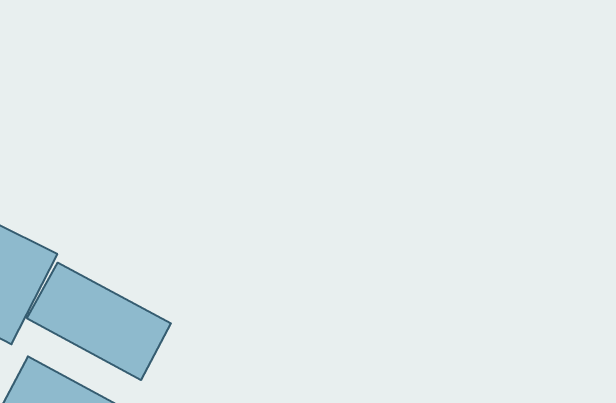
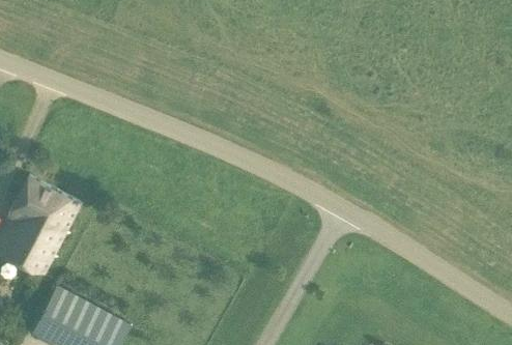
building: [27,263,171,380] -> none

